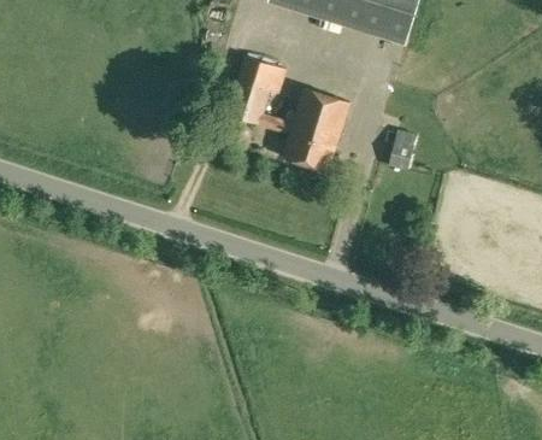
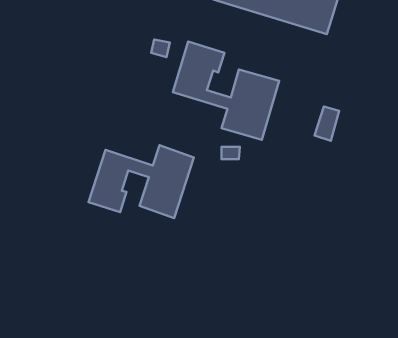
building: none -> [89,145,194,218]

